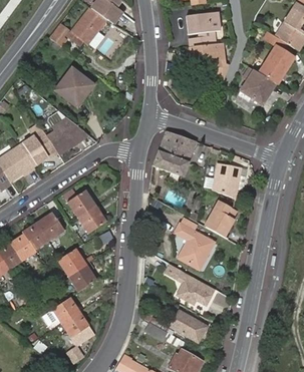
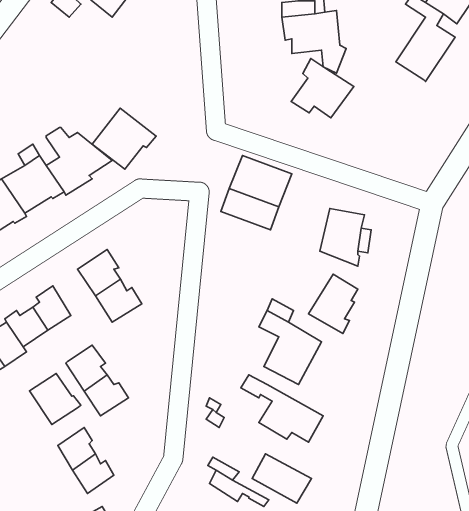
building: [238,67,276,103] -> [291,59,354,118]
building: [55,68,94,105] -> [92,108,156,169]
building: none -> [30,374,81,424]

